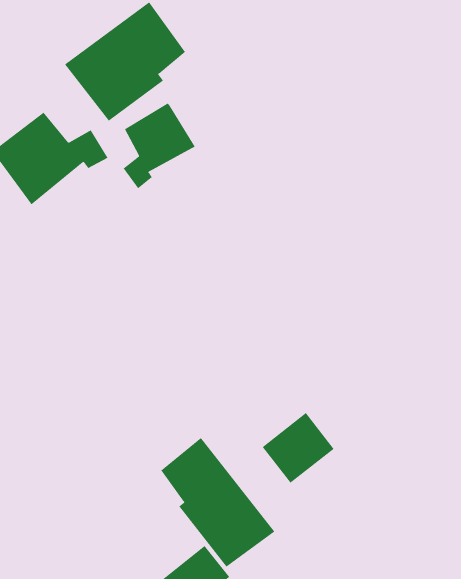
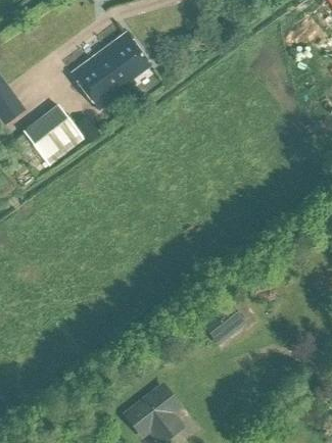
building: [123,102,195,189] -> none
building: [160,437,275,568] -> none

